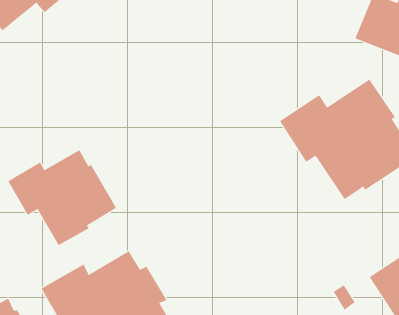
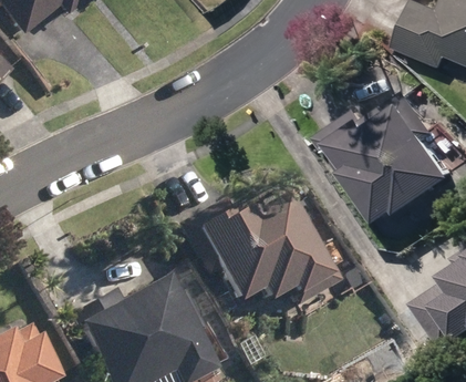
building: [7,150,117,246] -> none
building: none -> [178,194,341,304]

